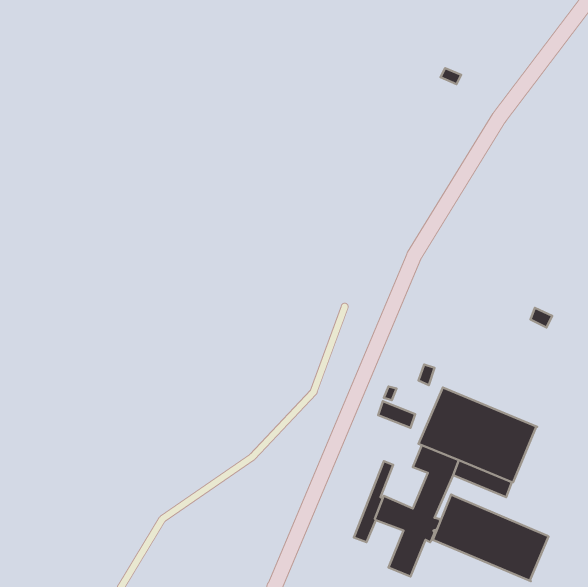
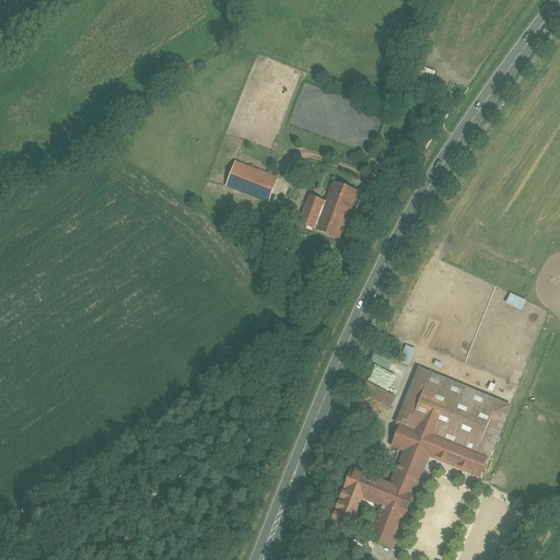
building: none -> [225,160,277,201]
building: none -> [298,179,357,237]
building: [433,495,548,581] -> none

